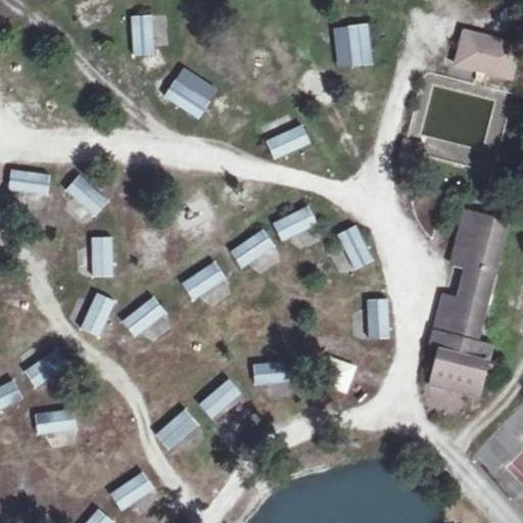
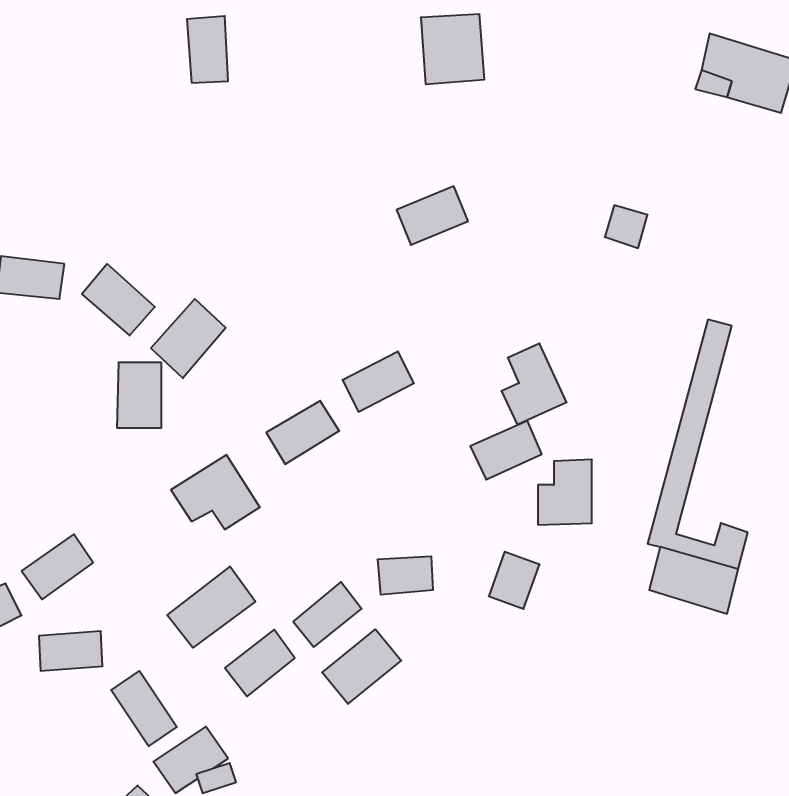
building: [332,25,373,69] -> [421,14,484,84]
building: [162,66,219,121] -> none
building: none -> [151,299,226,378]
building: [272,205,318,243] -> [470,421,542,480]
building: [444,213,505,354] -> none
building: [79,292,117,339] -> none
building: none -> [167,566,255,648]
building: none -> [322,629,401,704]
building: none -> [111,671,177,746]

